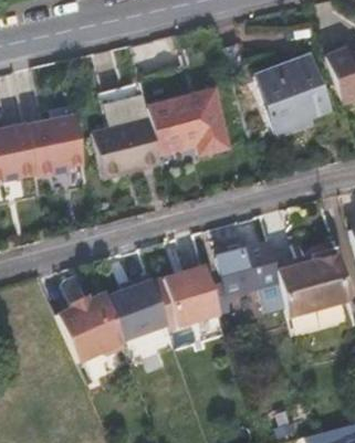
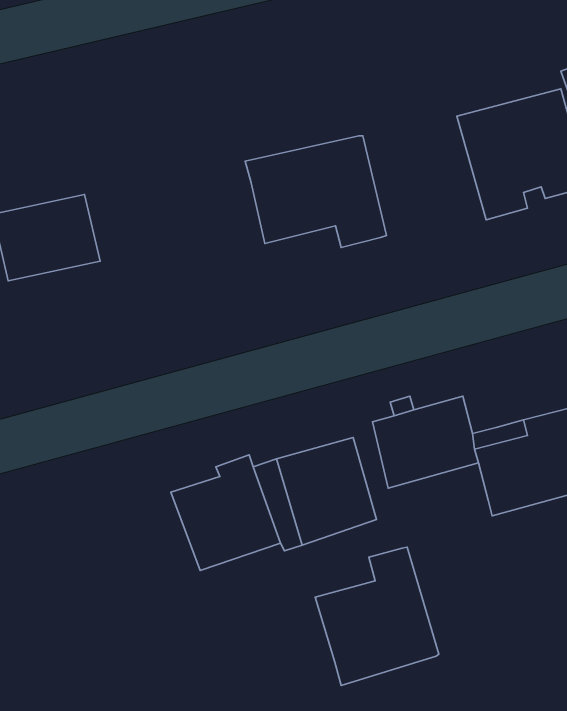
building: [87,91,163,177] -> none
building: [56,291,126,358] -> none
building: none -> [315,547,439,685]

